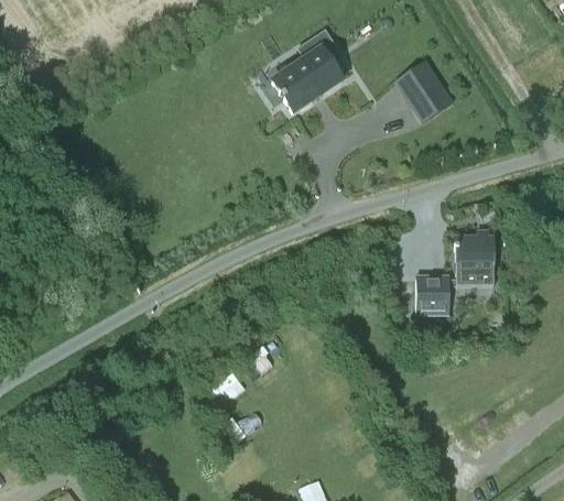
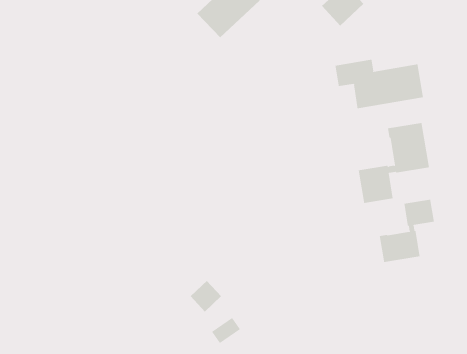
building: none -> [335,59,424,109]
building: none -> [379,199,434,263]

